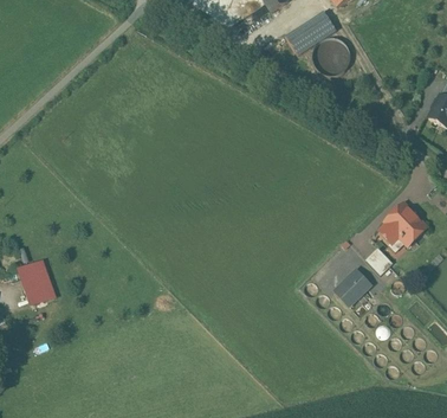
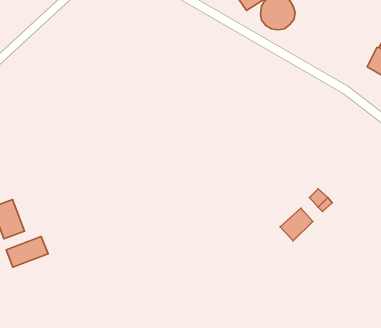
building: [378,202,426,244] -> none
building: none -> [6,236,48,267]

